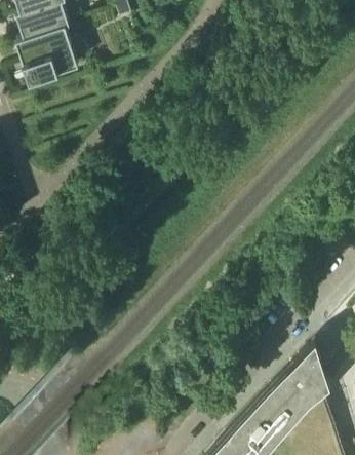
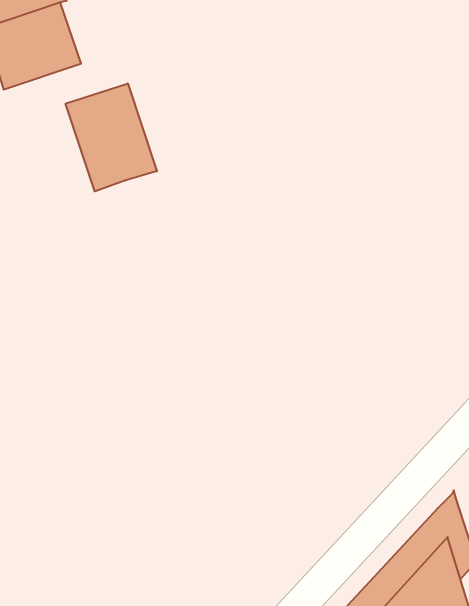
building: none -> [66,83,157,191]

